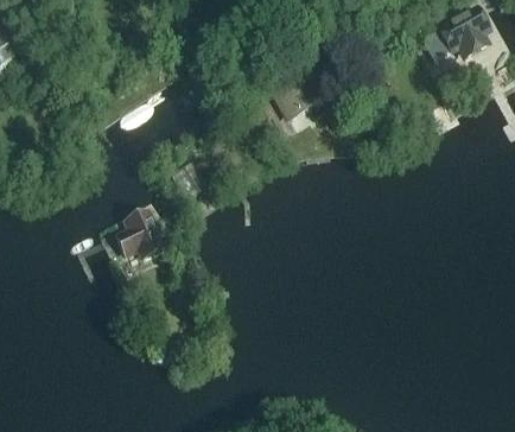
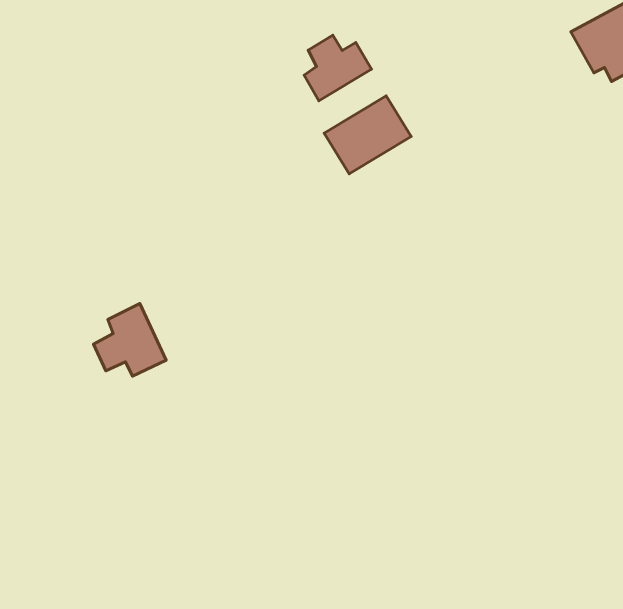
building: none -> [304,35,371,101]

